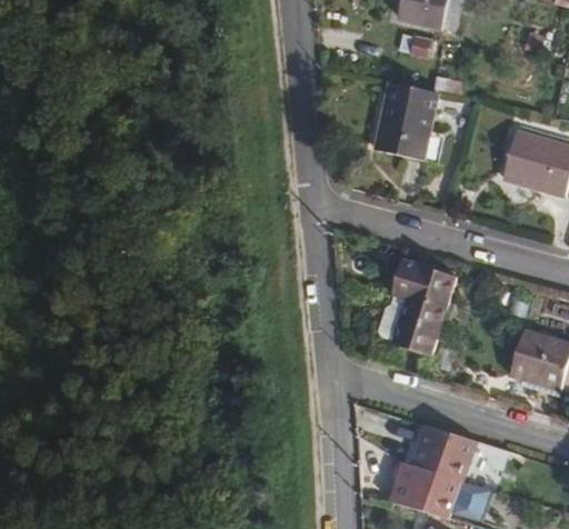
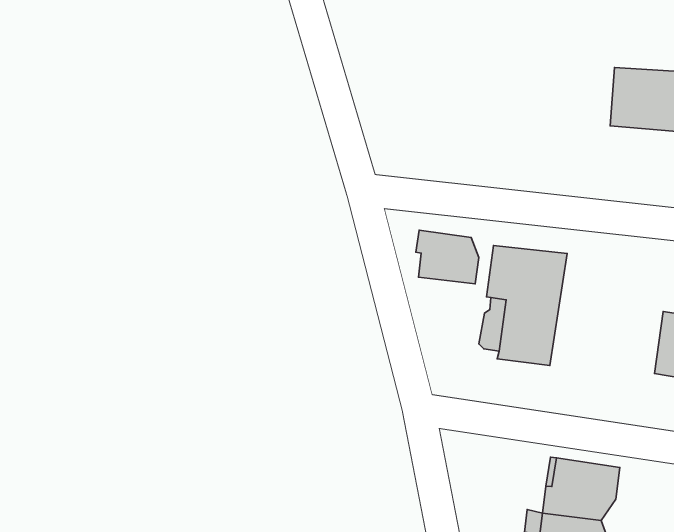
building: [378,83,438,160] -> none
building: none -> [416,230,479,284]

